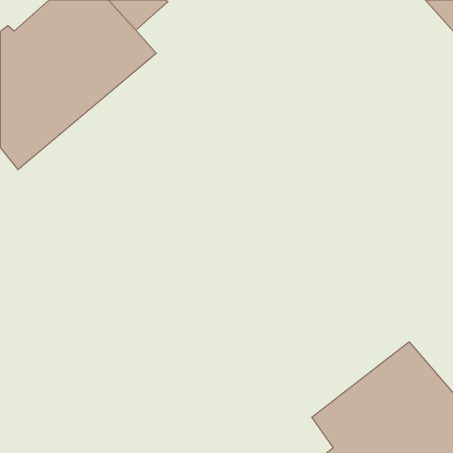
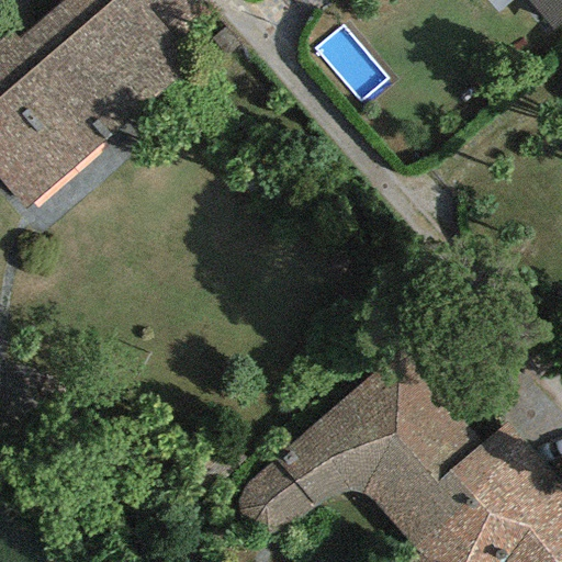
building: none -> [235,355,484,539]

